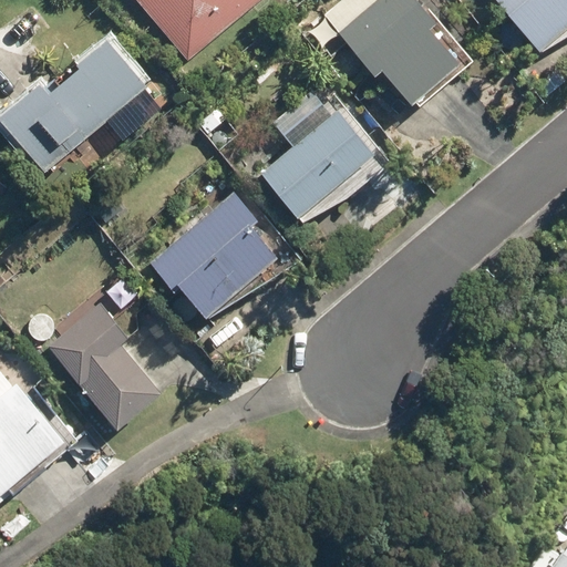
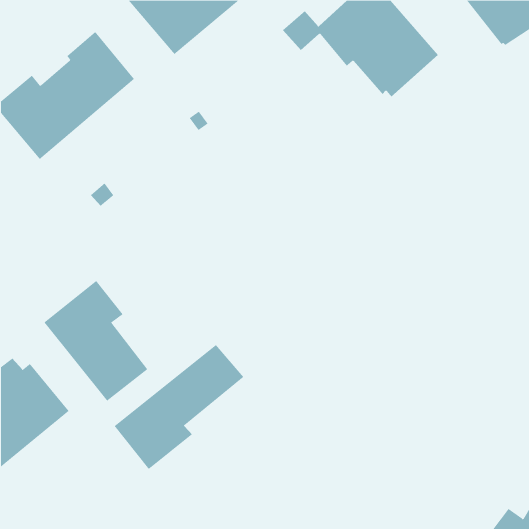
building: [259,96,388,221] -> none
building: [150,181,301,318] -> none
building: none -> [114,344,244,470]

